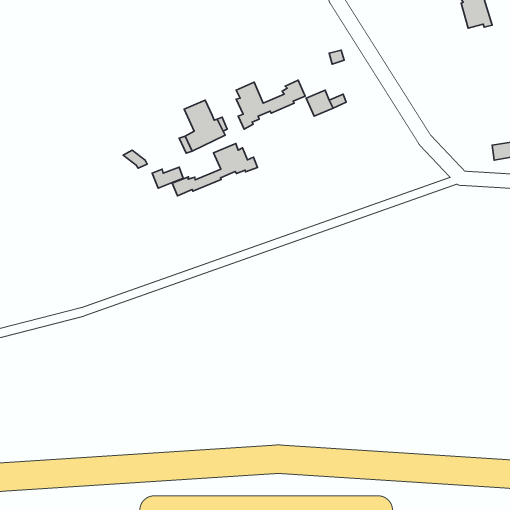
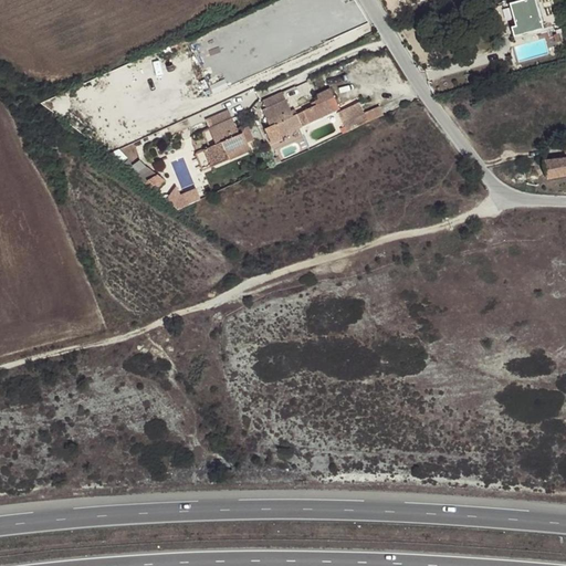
building: [172,144,258,196] -> none

